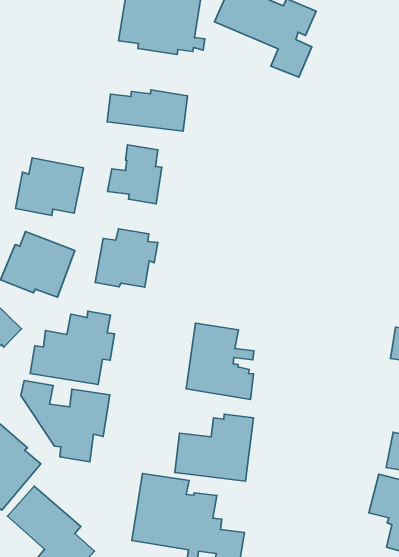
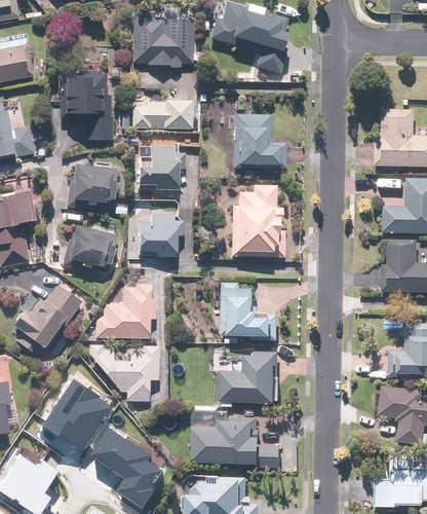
building: none -> [61,72,112,140]
building: none -> [234,114,285,167]
building: none -> [231,184,284,258]

